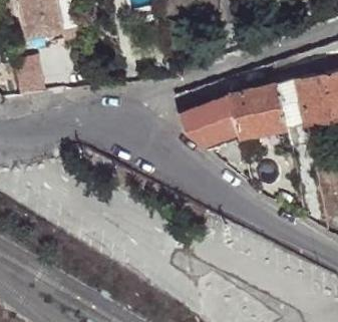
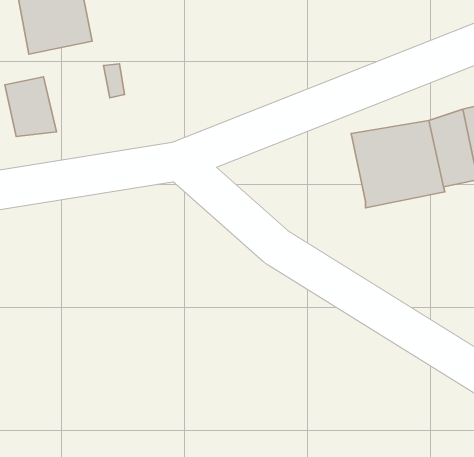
building: [180,93,237,147] -> none

